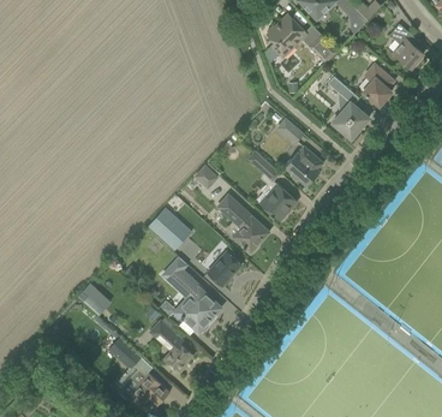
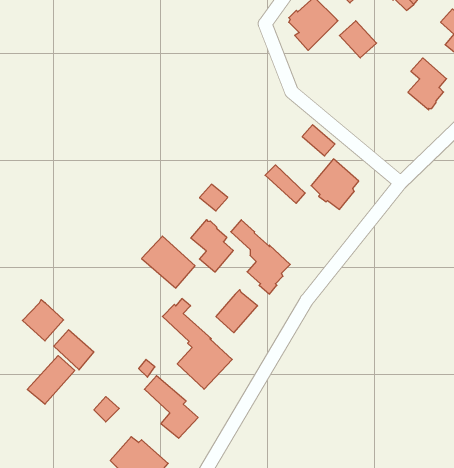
building: [328,75,369,137] -> none
building: [259,183,297,220] -> none
building: none -> [191,220,233,272]
building: none -> [22,300,64,341]
building: none -> [27,356,75,404]

